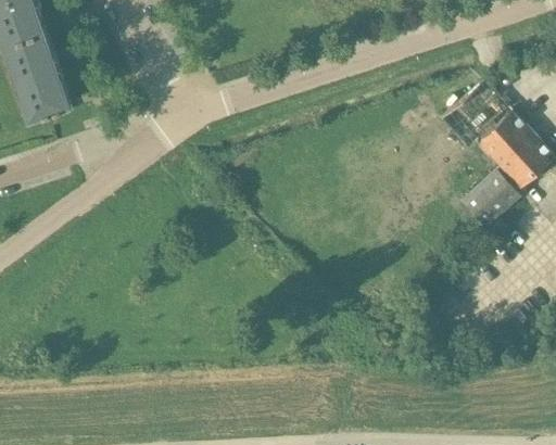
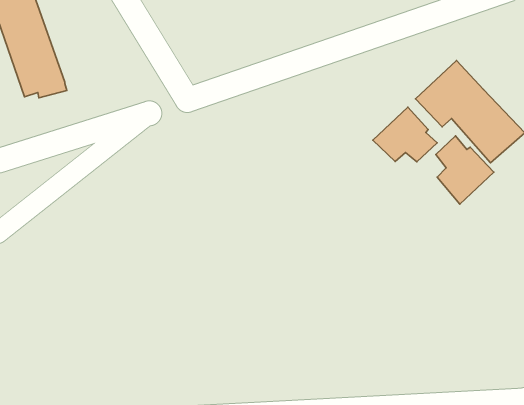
building: none -> [373,107,437,162]

